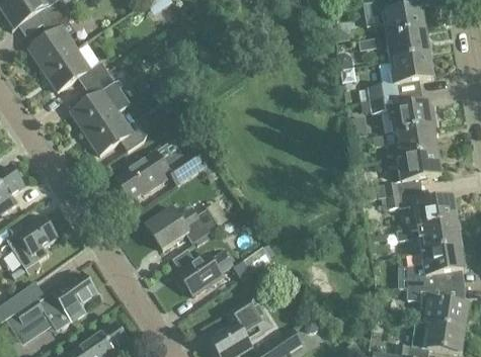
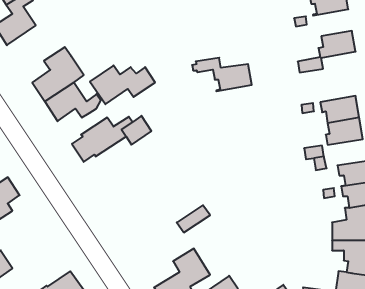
building: [386,29,429,60] -> none
building: [43,48,107,91] -> none
building: [367,96,433,133] -> [192,58,252,91]
building: [145,206,218,250] -> [90,65,155,104]
building: [174,253,231,296] -> none
building: [42,273,96,329] -> none

